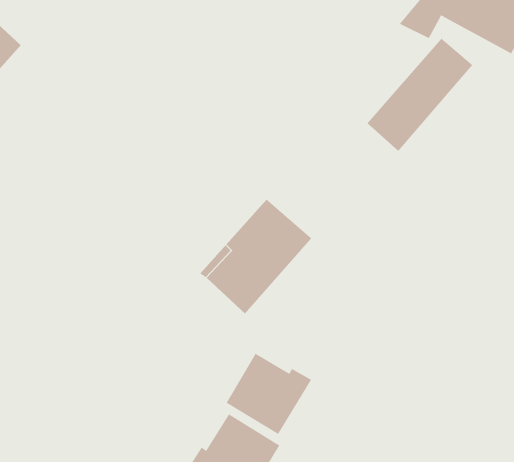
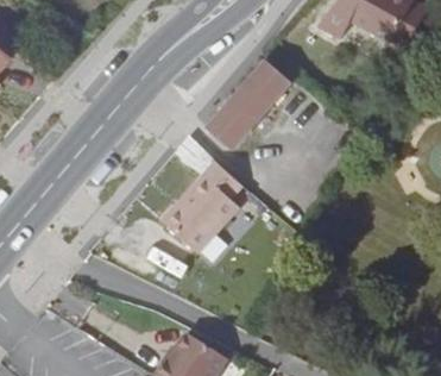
building: [367,38,473,152] -> [207,62,290,151]
building: [226,353,312,435] -> none

